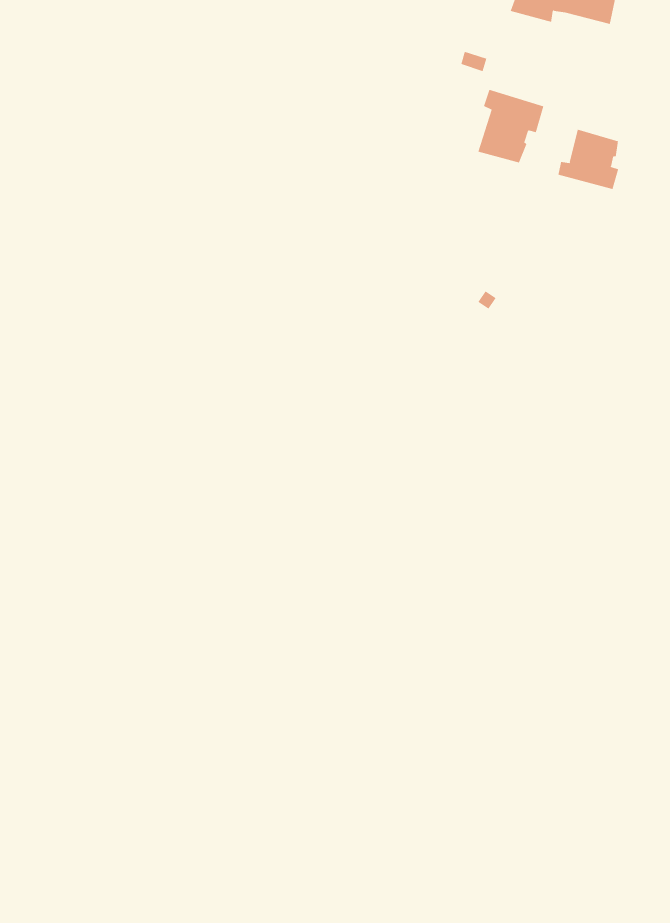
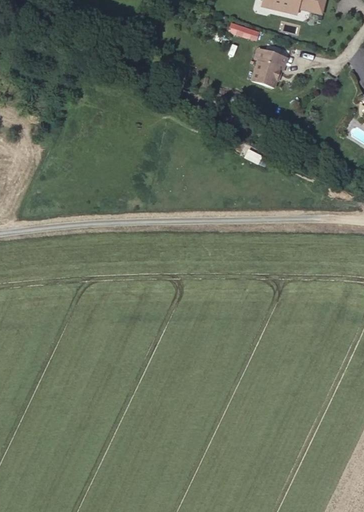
building: [558,129,619,190] -> none

